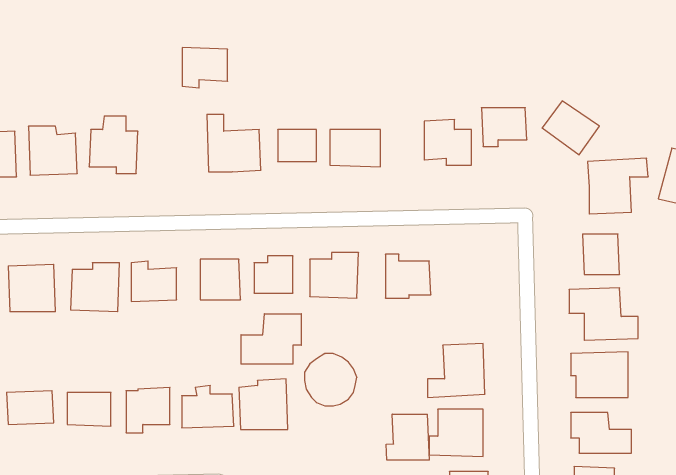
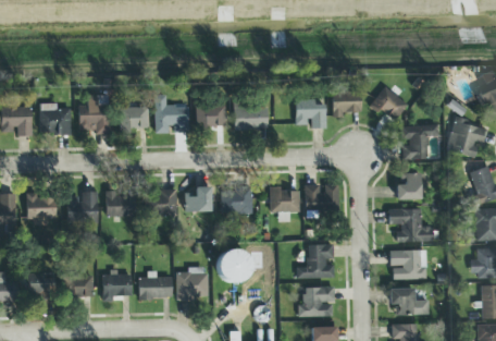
building: [182,48,228,88] -> [120,106,149,132]
building: none -> [303,184,337,209]
building: [241,314,301,364] -> none
building: [386,414,429,460] -> none

